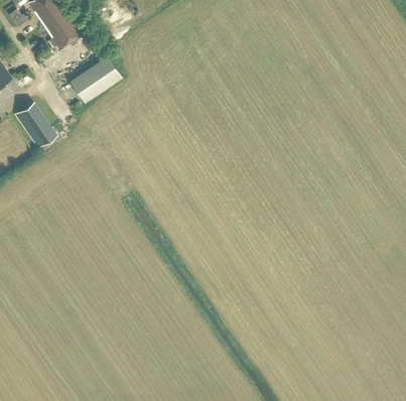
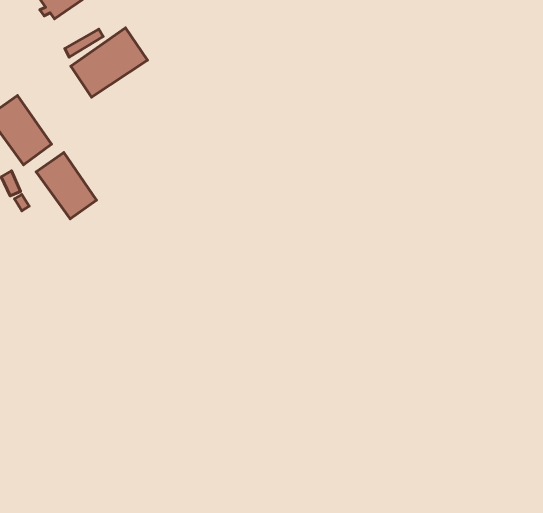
building: none -> [36,152,96,219]

